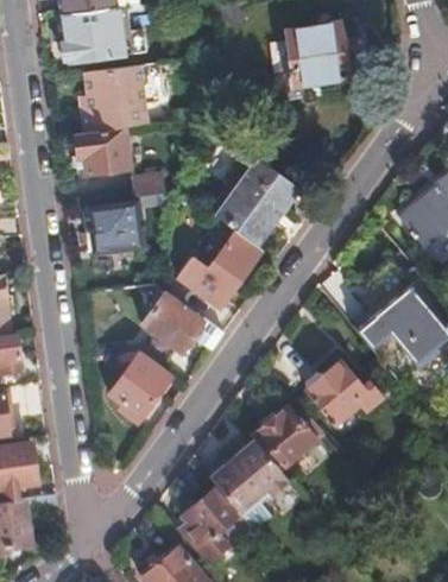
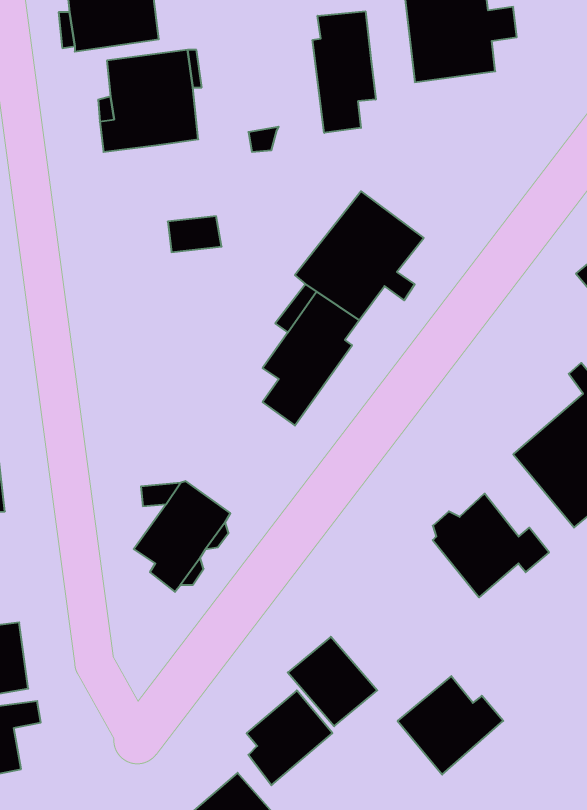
building: none -> [313,11,376,133]
building: [71,127,127,173] -> none
building: [81,203,141,252] -> none
building: [140,293,223,354] -> none
building: [253,409,323,474] -> [398,676,503,775]

